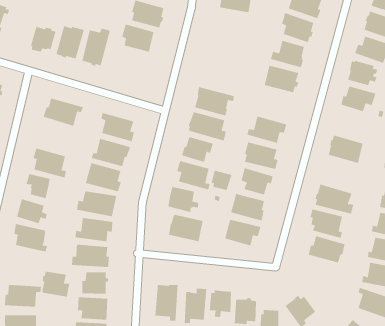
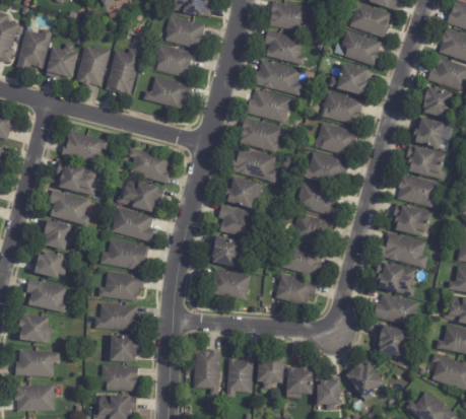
building: none -> [17,27,52,68]
building: none -> [264,29,306,64]
building: none -> [254,59,304,95]
building: none -> [143,75,192,109]
building: none -> [247,88,291,122]
building: none -> [319,122,357,156]
building: none -> [406,144,447,180]
building: none -> [55,160,96,196]
building: none -> [394,203,432,237]
building: [211,170,232,191] -> none
building: none -> [375,324,408,356]
building: [42,271,70,298] -> [19,313,53,345]

